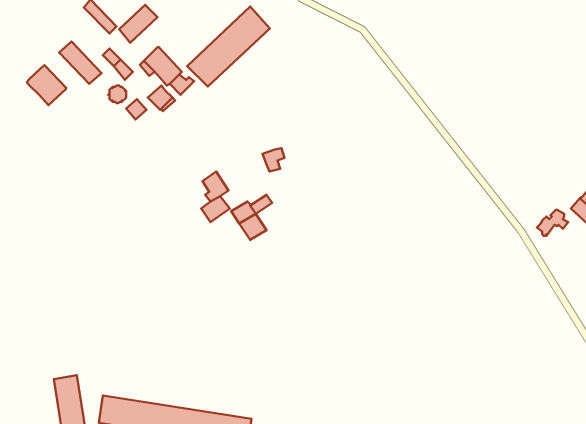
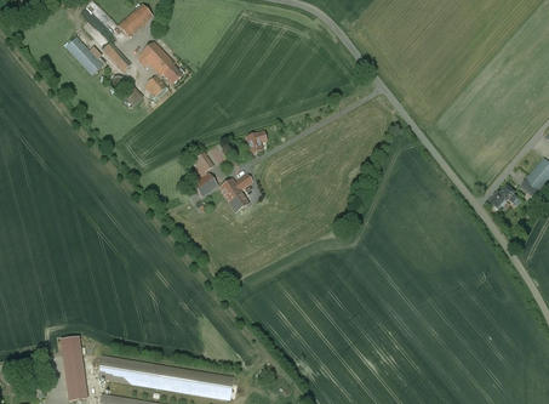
building: [187,7,270,87] -> none
building: [27,65,66,105] -> none

